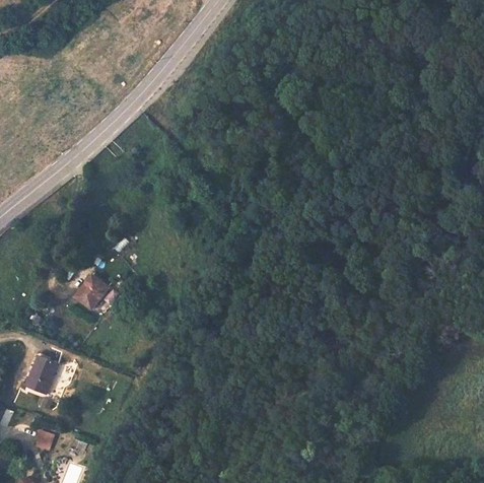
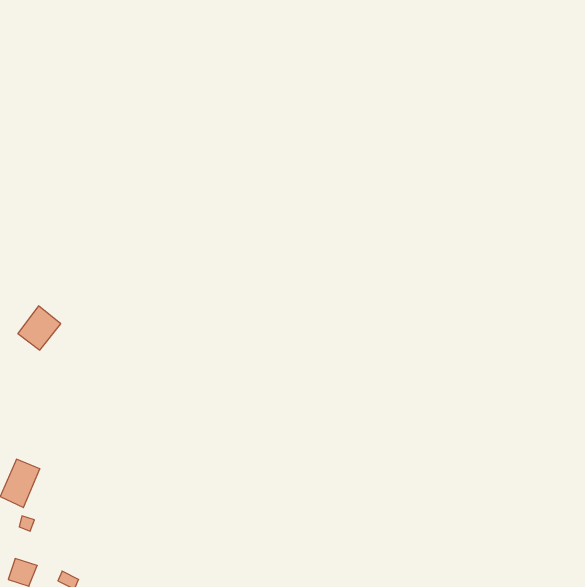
building: [74,275,106,307] -> [18,306,61,350]

